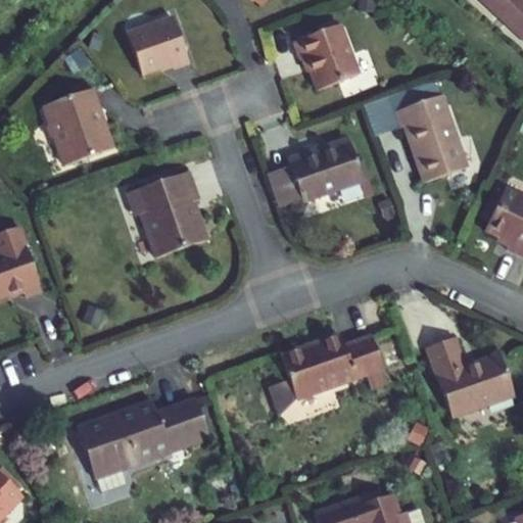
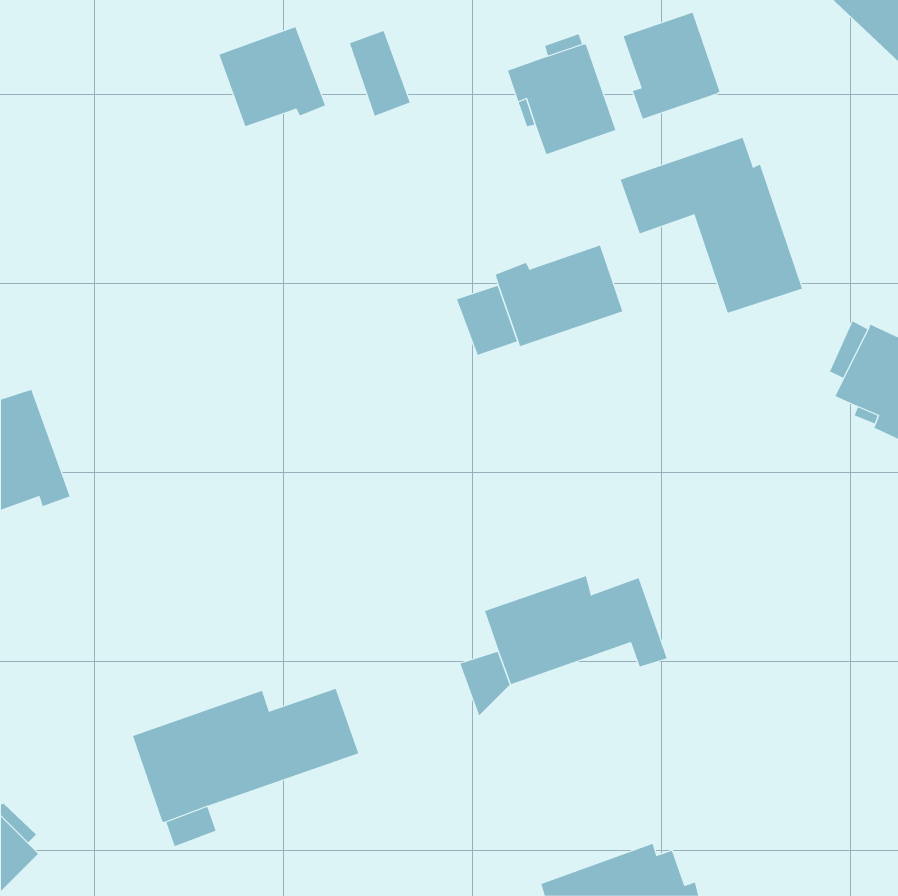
building: none -> [623,12,720,120]
building: none -> [349,30,411,117]
building: [45,88,114,165] -> none
building: [129,171,207,256] -> none
building: [427,337,514,416] -> none

